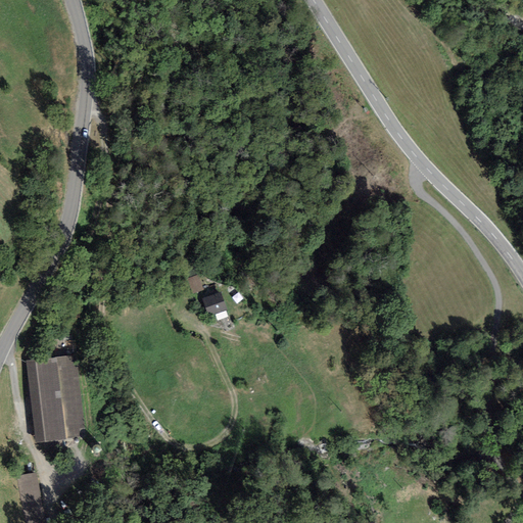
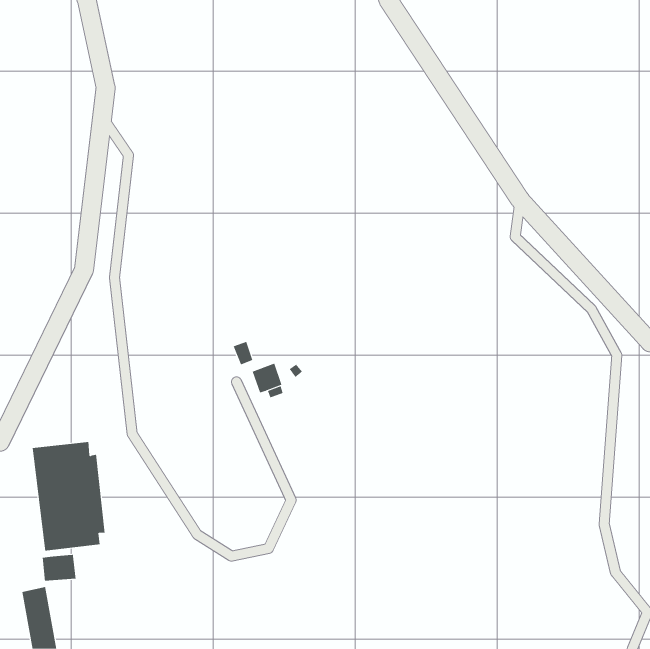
building: none -> [42,554,76,581]

